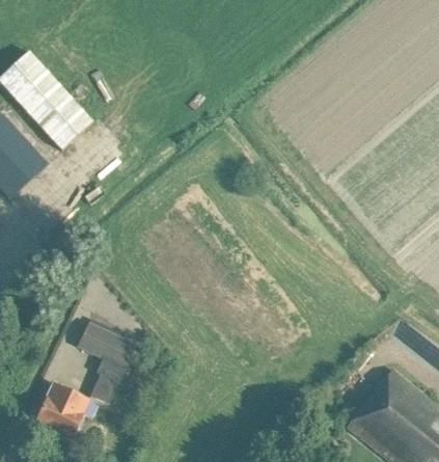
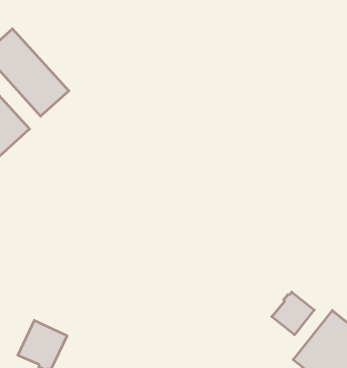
building: [77,323,132,404] -> none
building: none -> [272,292,314,335]

